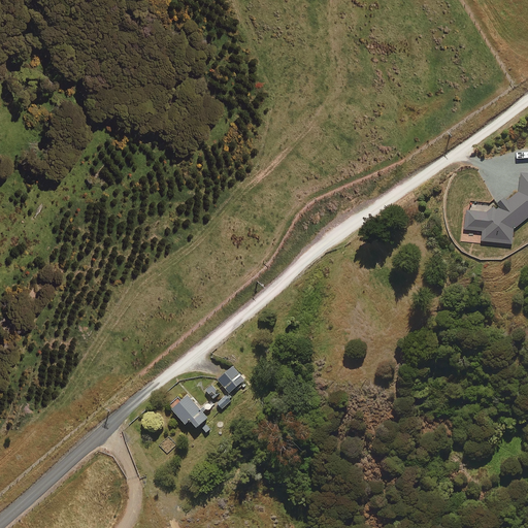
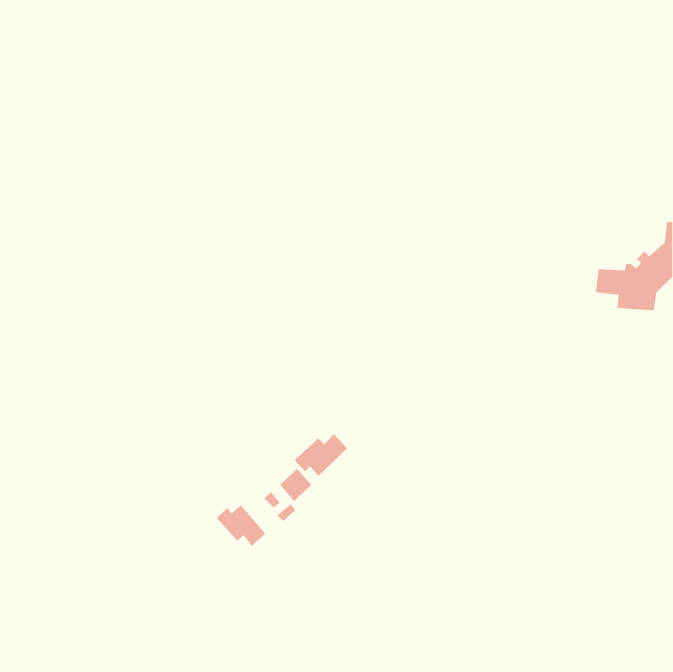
building: none -> [294,433,348,476]

